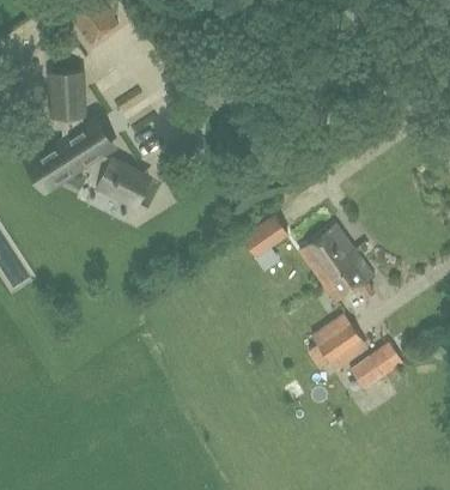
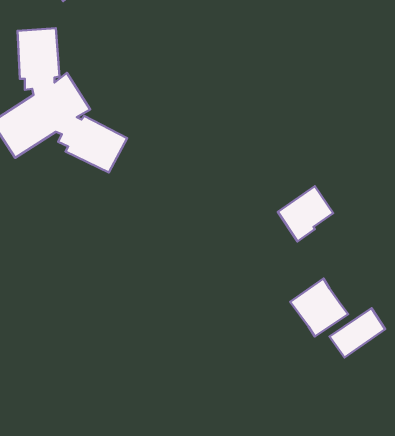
building: [236,213,290,260] -> none
building: [320,249,373,302] -> none

